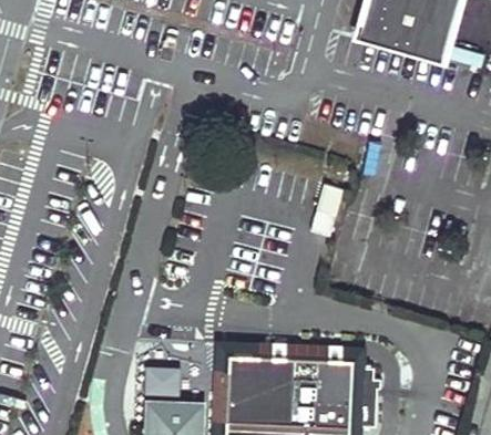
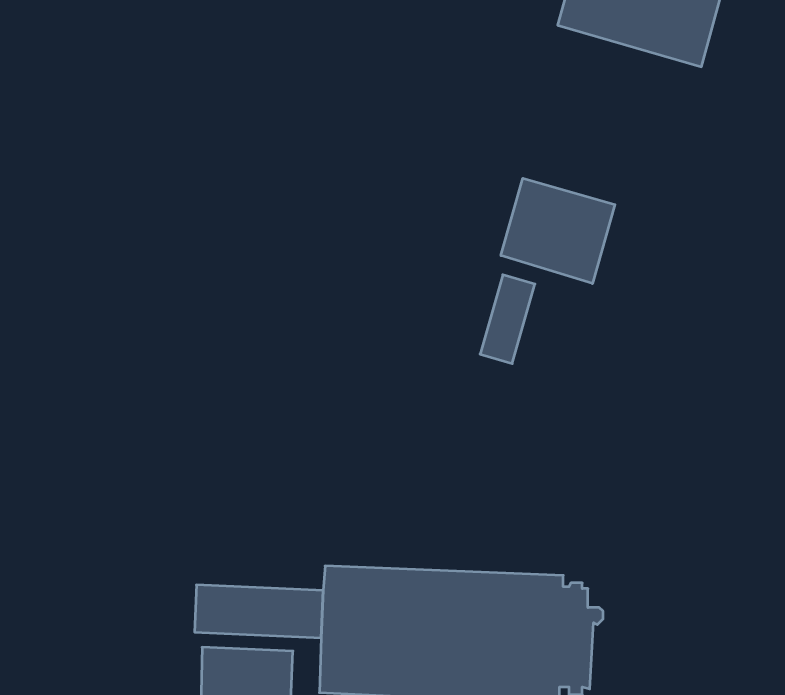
building: none -> [501,178,615,284]

